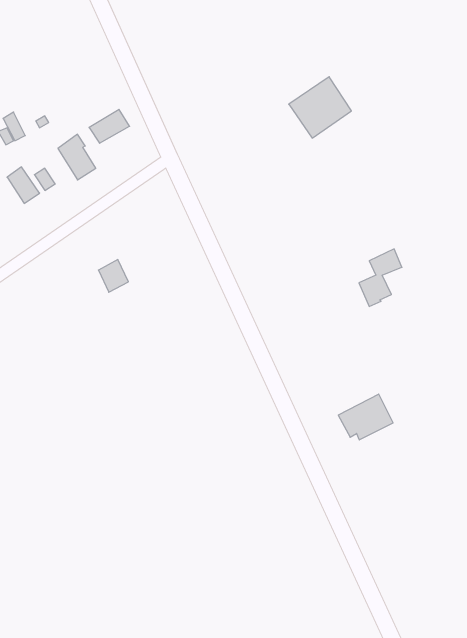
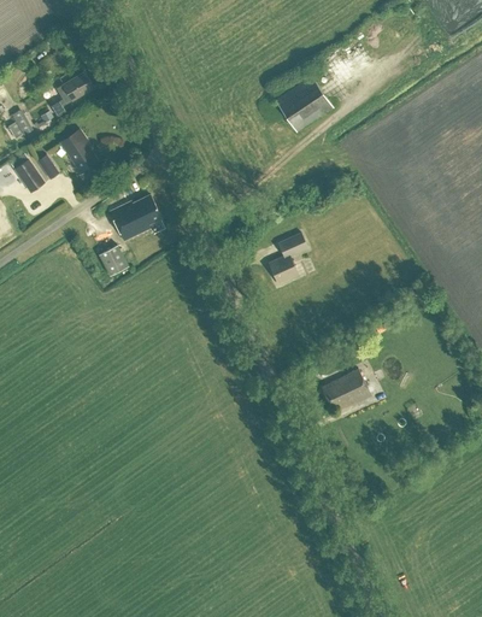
building: [89,109,130,143] -> [57,72,94,104]
building: none -> [110,194,161,240]
building: [359,249,402,306] -> [269,233,308,286]

